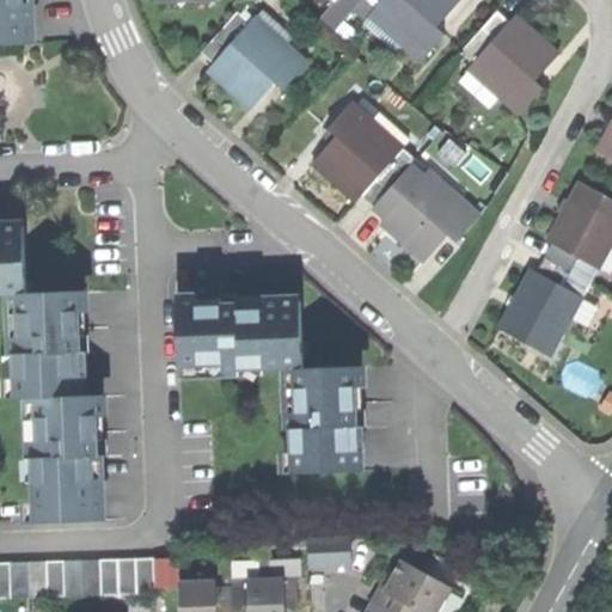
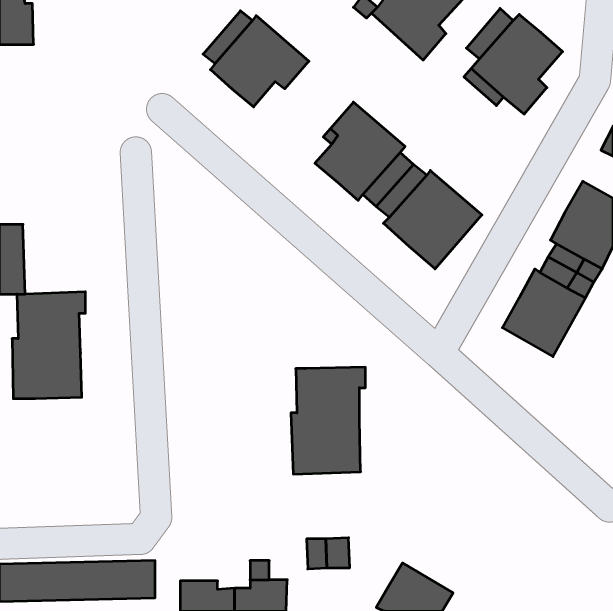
building: [177,295,304,369] -> none
building: [31,394,104,520] -> none

